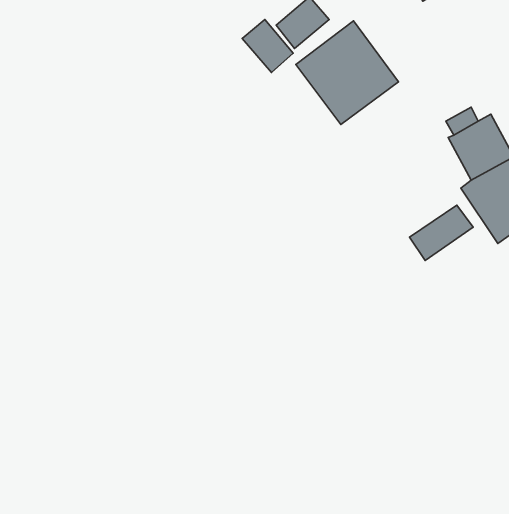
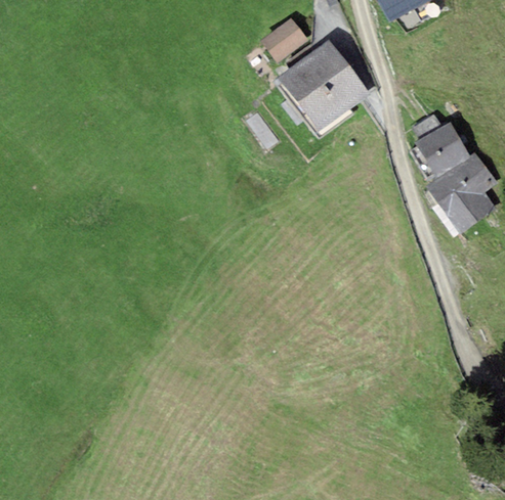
building: [242,19,293,73] -> none
building: [409,205,473,261] -> none

